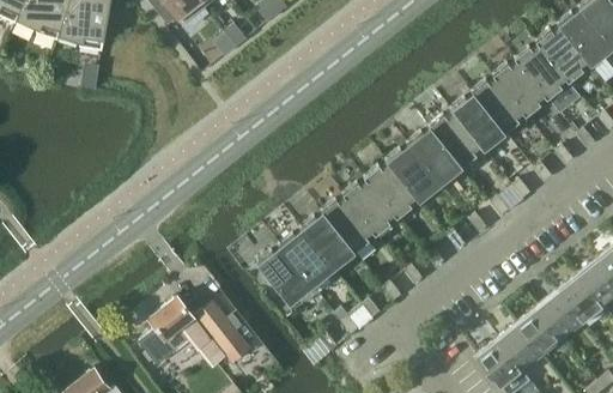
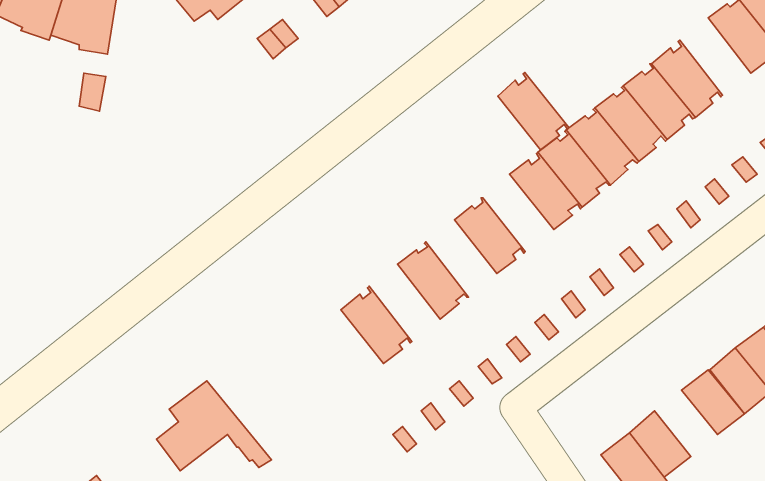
building: [538,23,591,81] -> none
building: [388,141,442,200] -> [498,72,569,150]
building: [345,176,399,235] -> none
building: [302,210,356,268] -> none
building: [257,244,312,303] -> none
building: [196,303,251,363] -> none
building: [518,306,566,356] -> none

